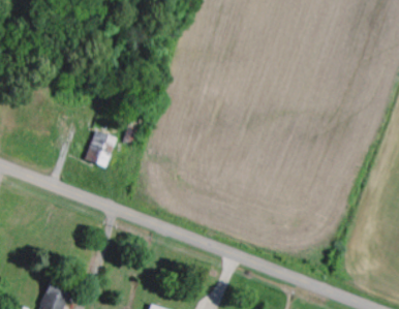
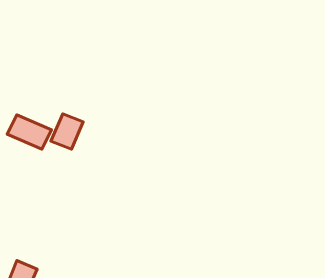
building: none -> [7,115,51,149]

